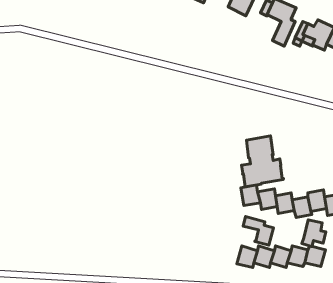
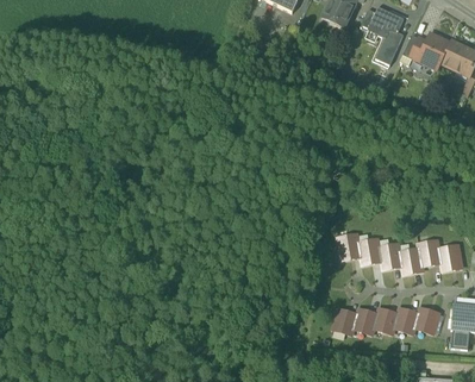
building: [241,136,283,187] -> none
building: [243,216,273,245] -> none
building: [302,220,326,246] -> none

